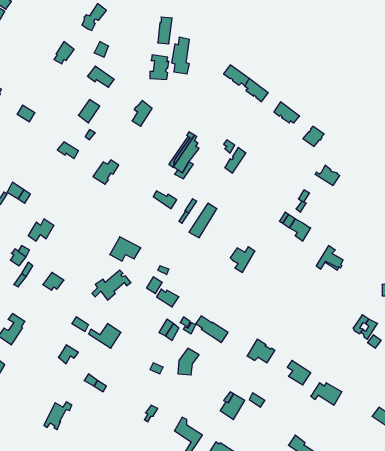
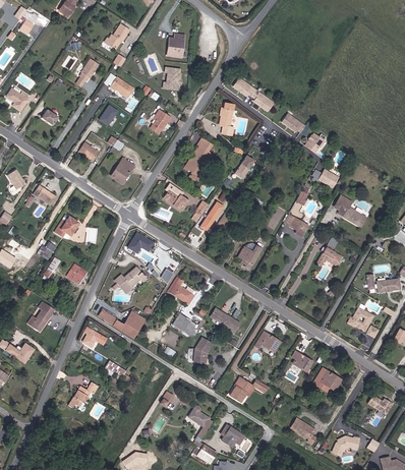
building: [172,37,189,74] -> [220,105,236,138]
building: none -> [337,192,367,224]

